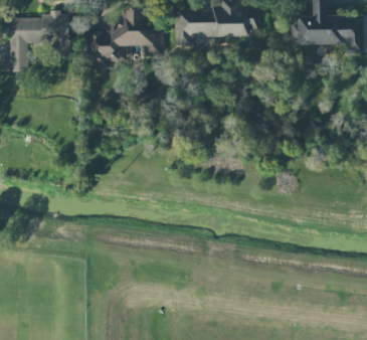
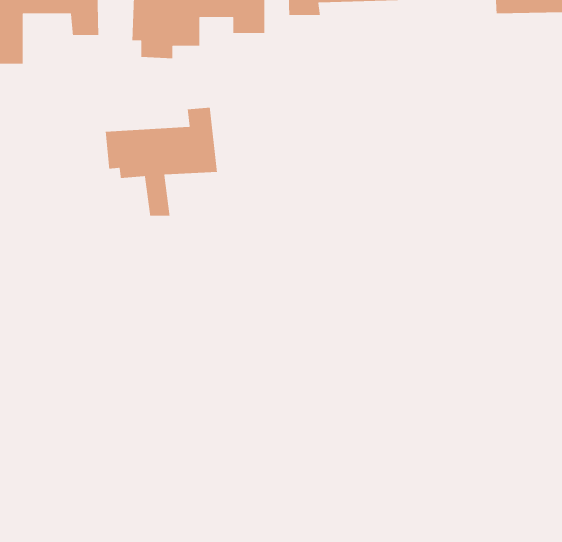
building: none -> [105,107,218,217]

